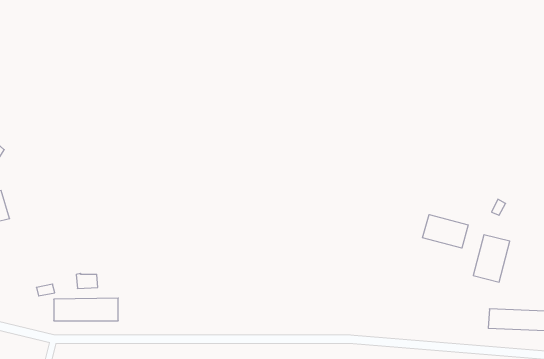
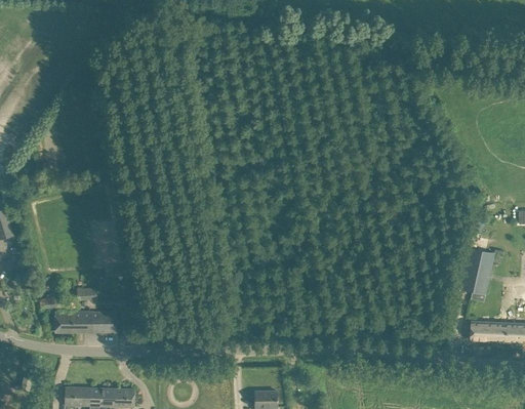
building: [423,215,468,248] -> none

